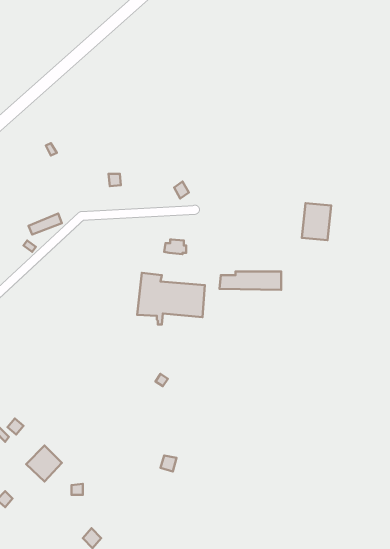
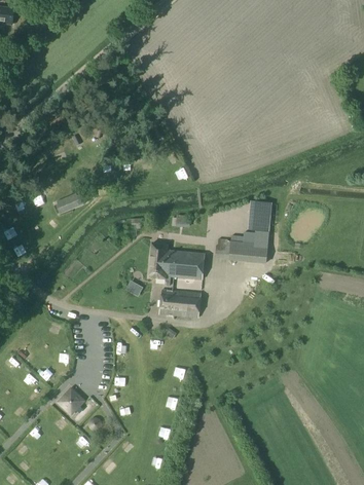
building: [302,203,331,240] -> [247,200,271,231]
building: none -> [159,289,201,318]

